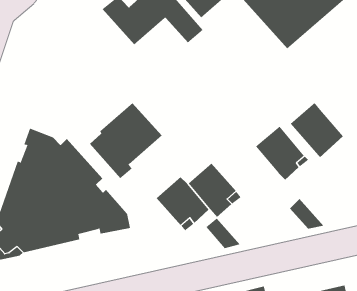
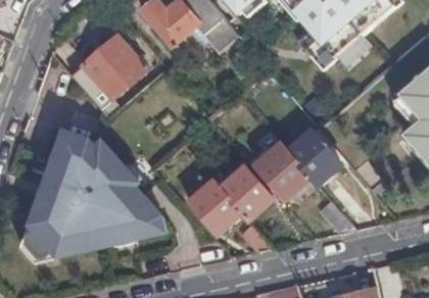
building: [290,102,344,158] -> [256,142,309,197]
building: [89,102,162,179] -> [73,36,145,111]

